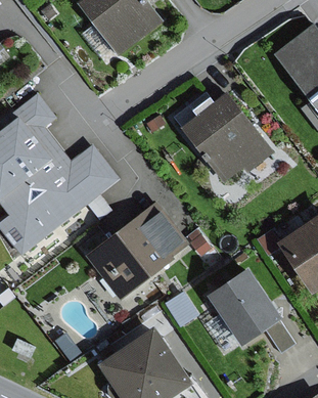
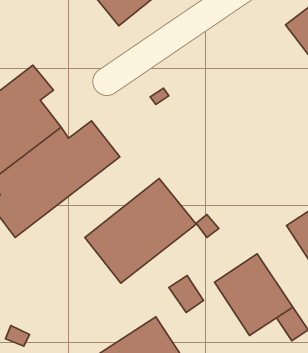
building: [181,93,273,181] -> none

